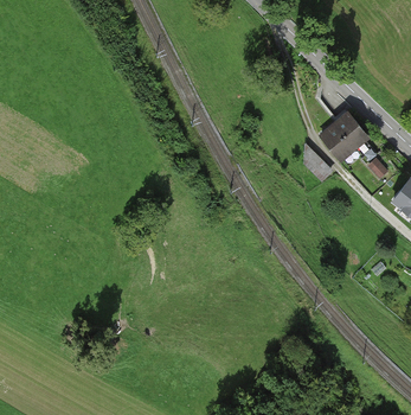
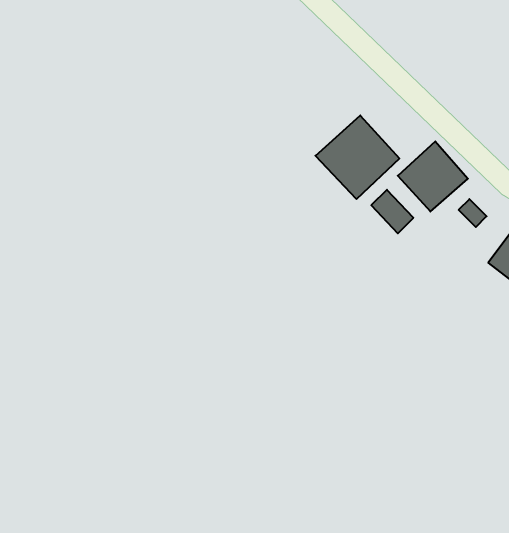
building: none -> [315,115,399,199]

